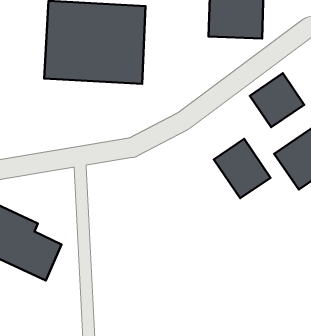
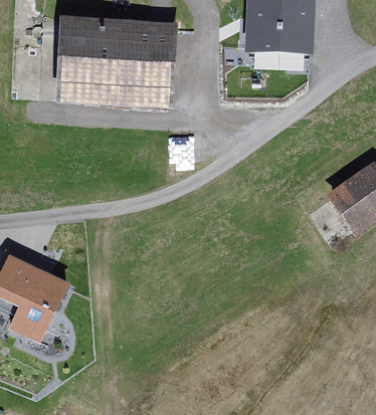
building: [250,73,304,127] -> none
building: [214,139,271,198] -> none

